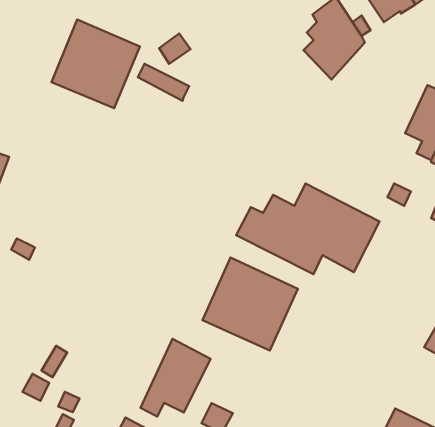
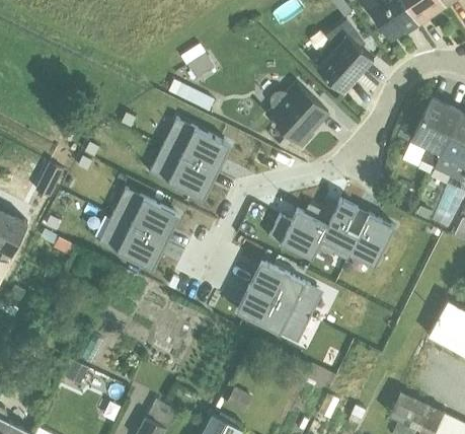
building: [51,20,140,108] -> [142,115,222,195]
building: none -> [265,81,330,148]
building: none -> [90,184,174,268]
building: [140,339,211,416] -> none

